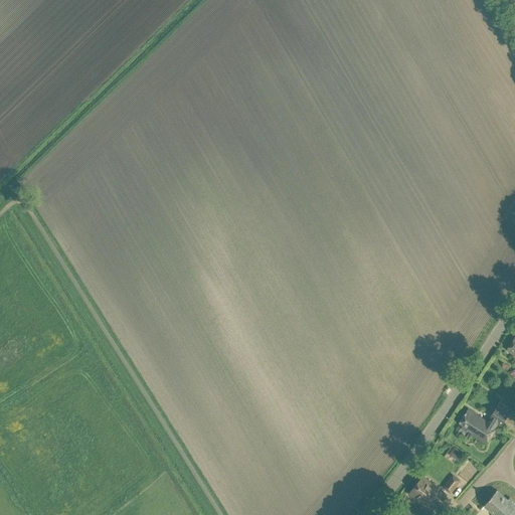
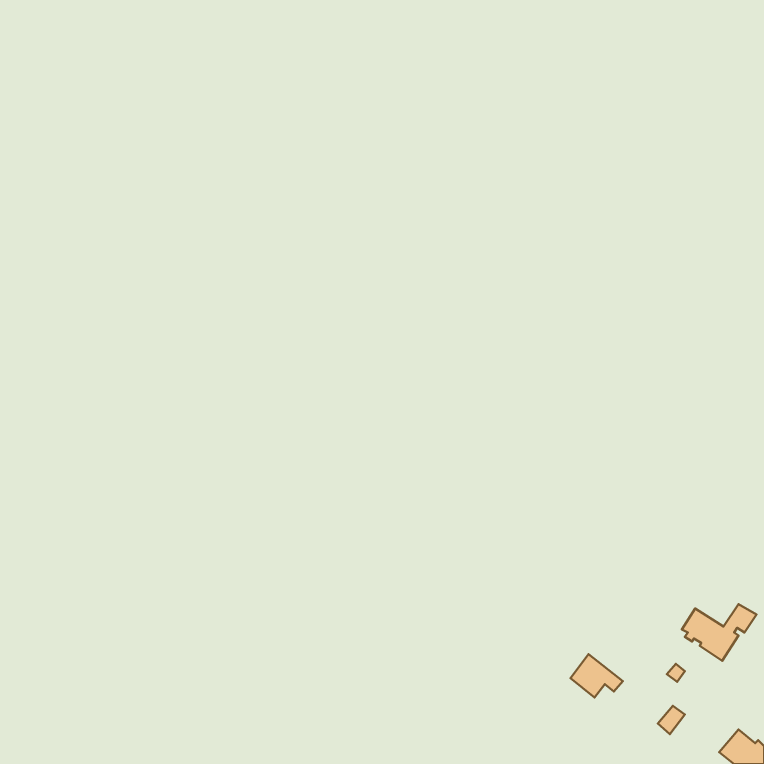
building: [410,477,446,506] -> [570,654,623,698]

